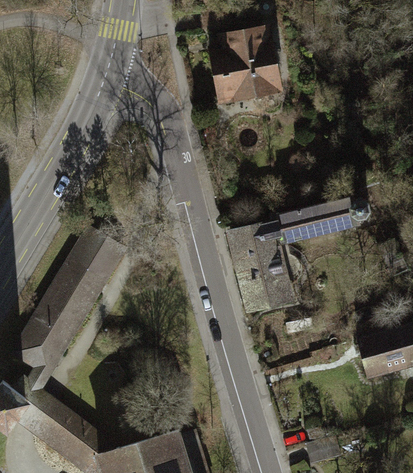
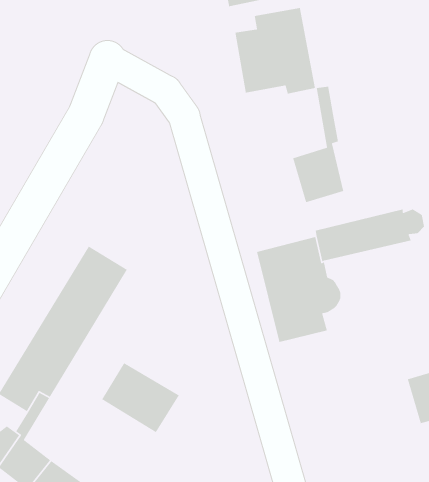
building: none -> [292,86,344,203]
building: none -> [101,362,180,433]

